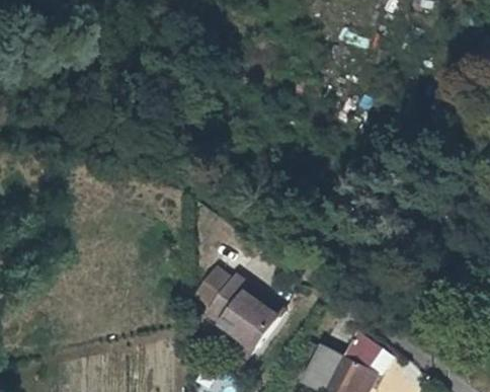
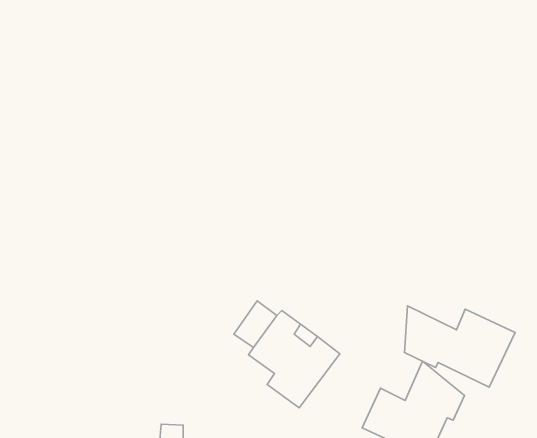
building: none -> [404,306,515,387]

